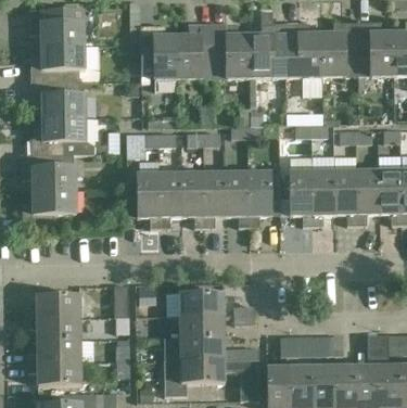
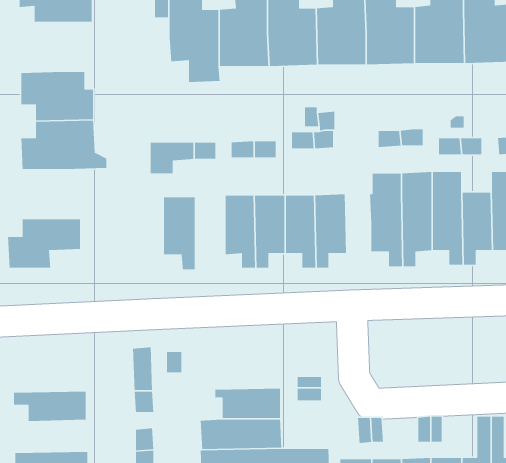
building: [30,44,85,81] -> none
building: [22,152,96,189] -> none
building: [161,171,182,227] -> none
building: [175,291,224,315] -> none
building: [26,293,80,317] -> none
building: [27,337,81,361] -> none

